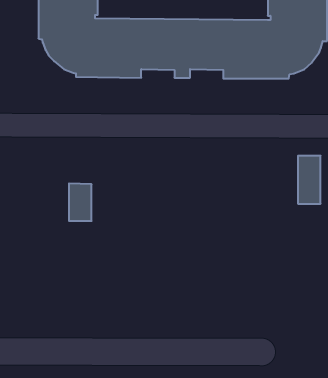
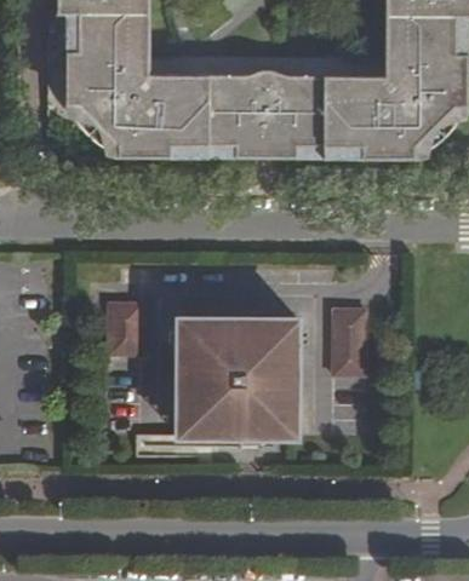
building: [298,156,321,204] -> [332,309,364,375]
building: none -> [176,317,296,437]

